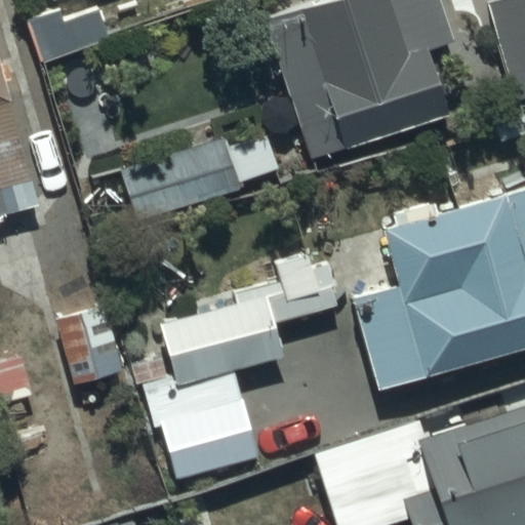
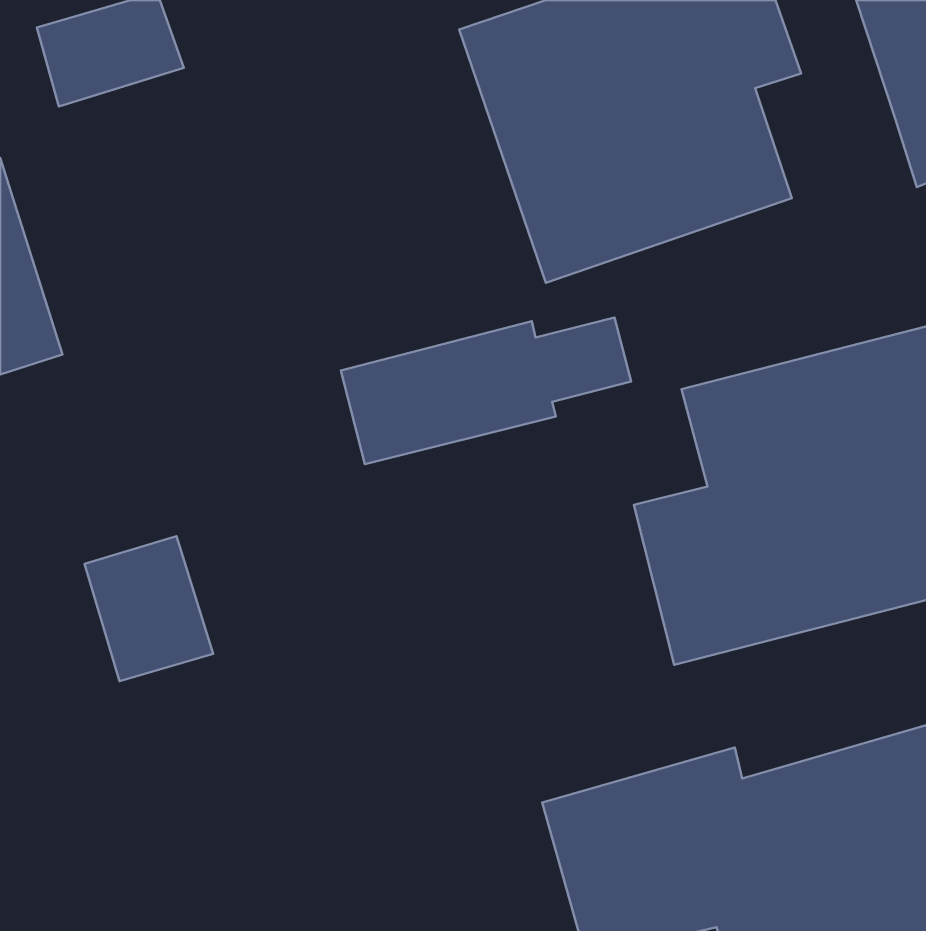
building: [121,136,283,218] -> [341,317,631,464]
building: [136,253,341,478] -> none

